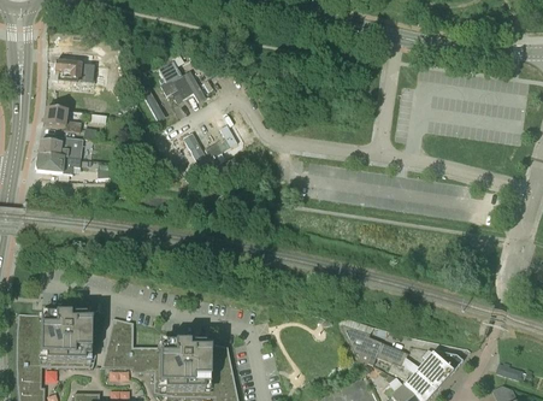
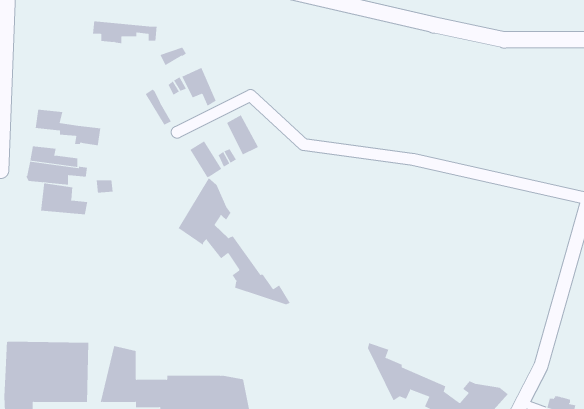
building: [53,61,111,82] -> [92,21,157,44]
building: none -> [178,177,290,305]
building: none -> [41,183,88,215]

